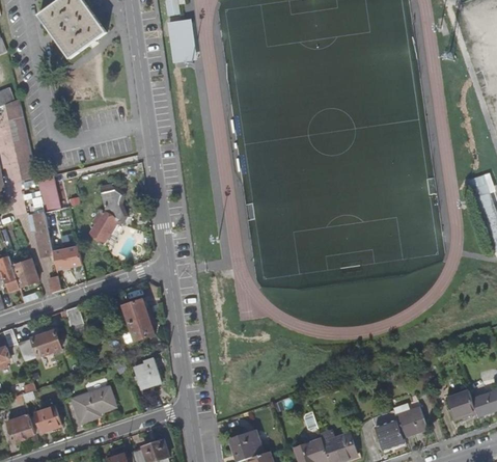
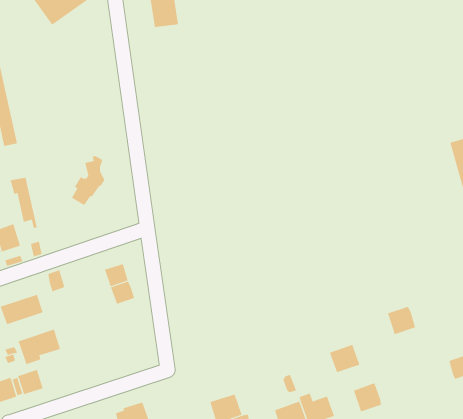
building: [35,174,59,212] -> none
building: [53,246,81,271] -> none
building: [134,357,161,389] -> none
building: [72,386,115,423] -> [18,329,61,365]
building: [446,390,475,419] -> [387,306,416,335]
building: [395,407,426,436] -> [329,344,360,373]

